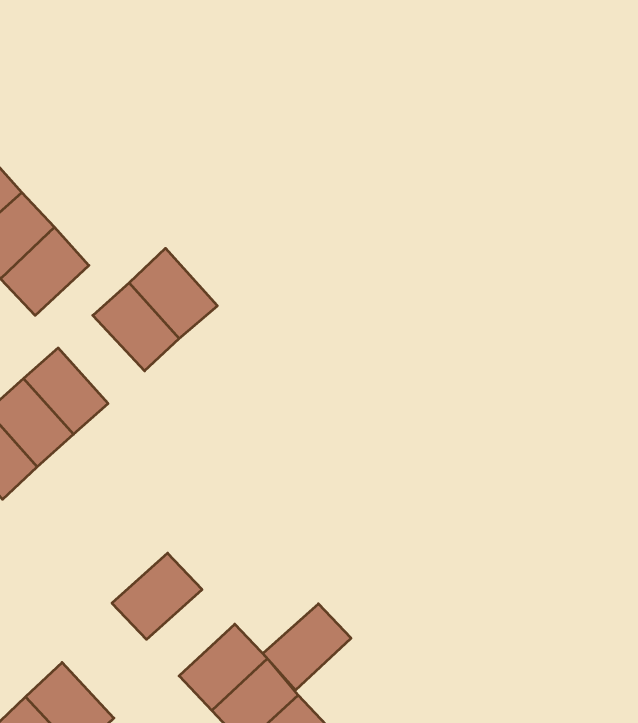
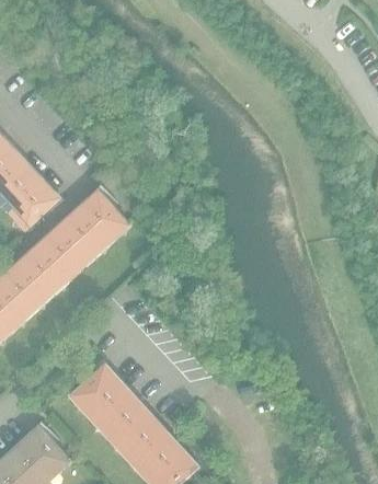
building: none -> [39,229,89,279]
building: [263,604,351,690] -> [90,385,140,435]

